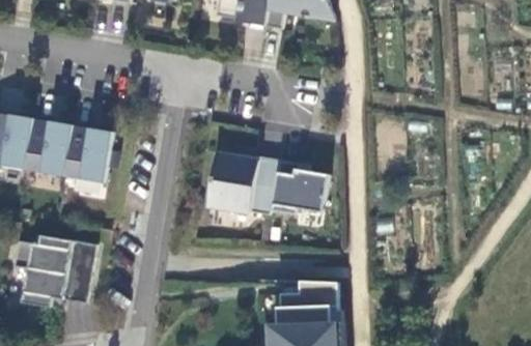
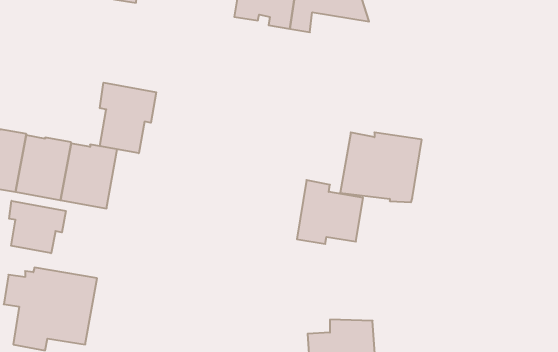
building: none -> [100,83,156,153]
building: [206,152,278,213] -> [340,132,422,202]
building: none -> [9,201,66,253]

